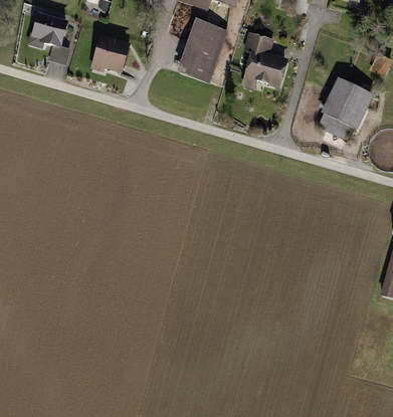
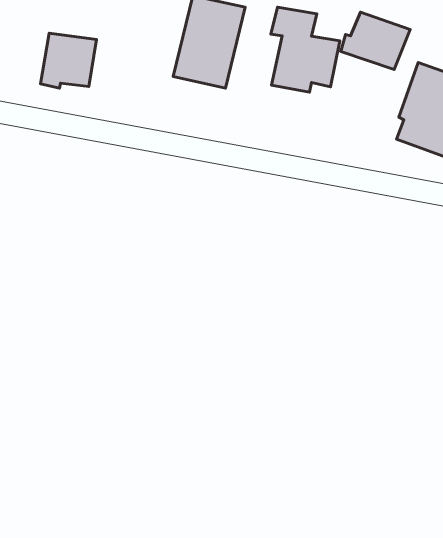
building: none -> [341,12,410,70]

